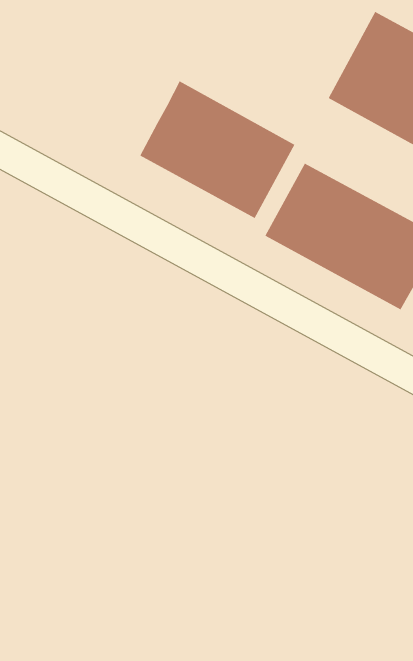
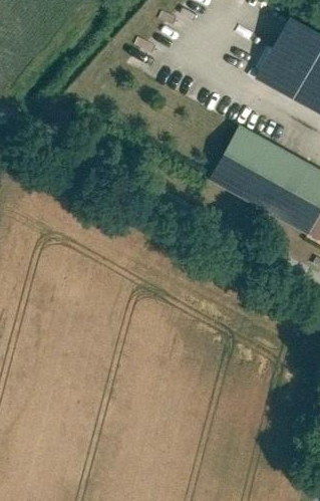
building: [139,81,295,219] -> none

